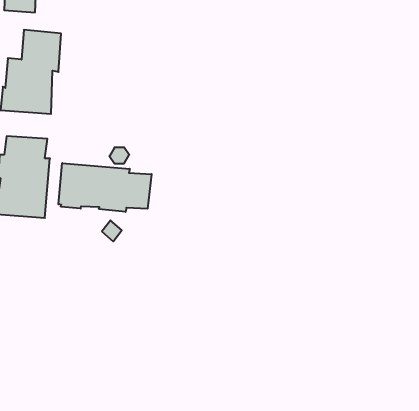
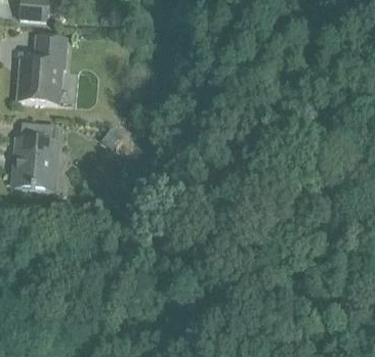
building: [58,163,152,212] -> none

